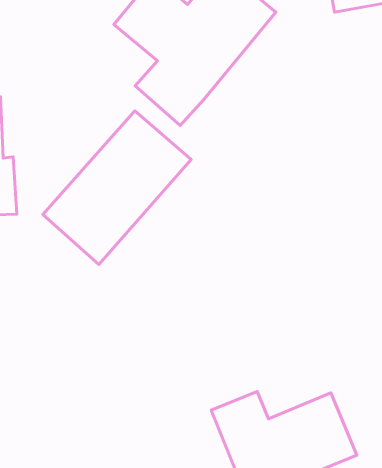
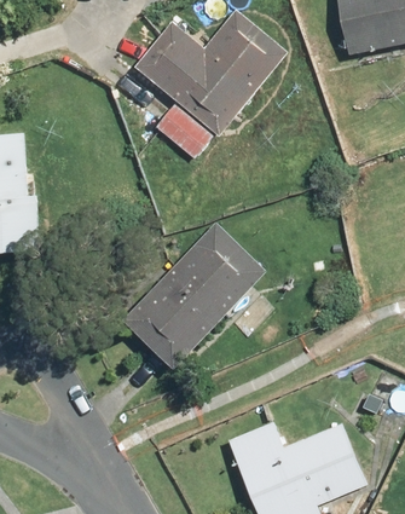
building: [43,111,191,264] -> [123,221,267,370]

